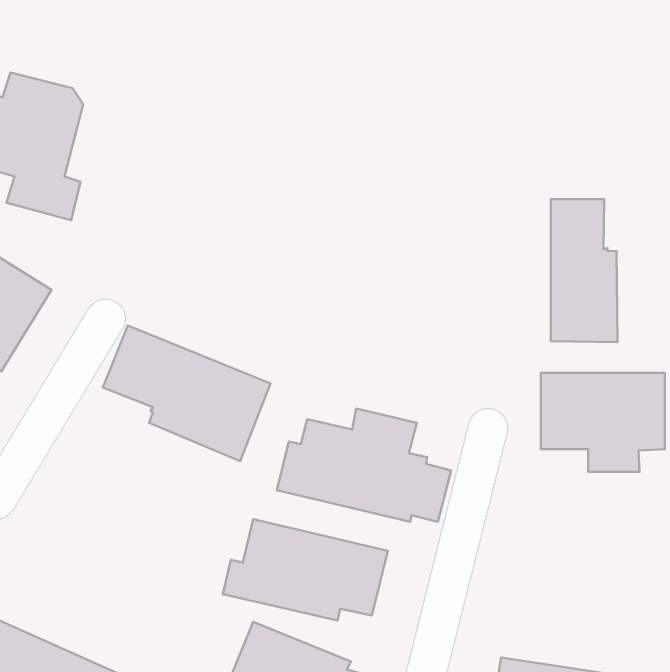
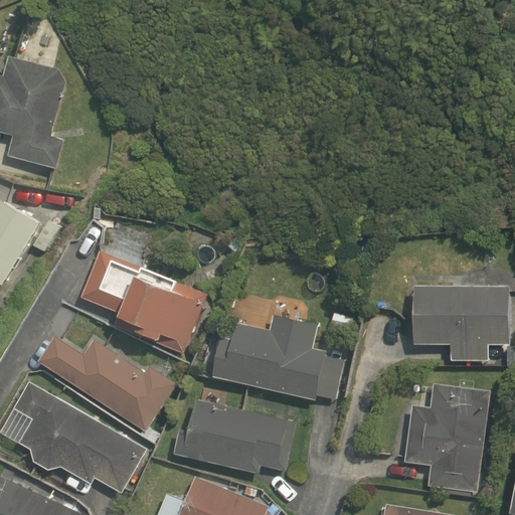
building: [551,199,617,342] -> none
building: none -> [35,334,175,431]
building: none -> [12,381,146,494]
building: none -> [402,383,489,493]

